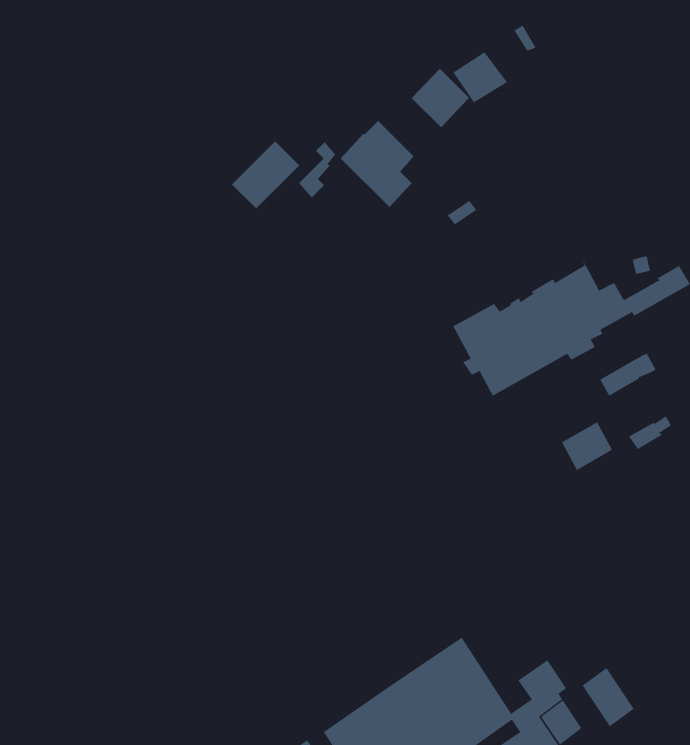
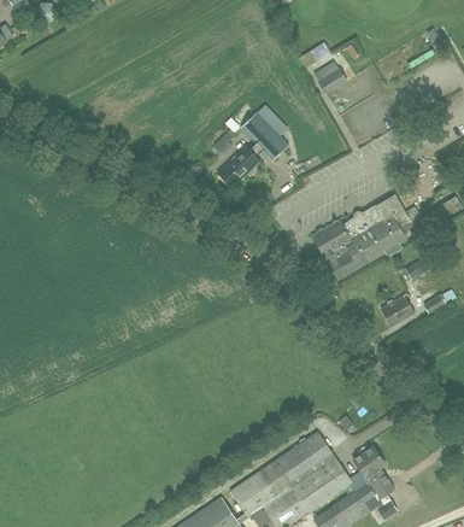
building: [411,68,470,128] -> none
building: [231,141,300,209] -> [217,144,260,187]
building: [582,667,635,727] -> none

